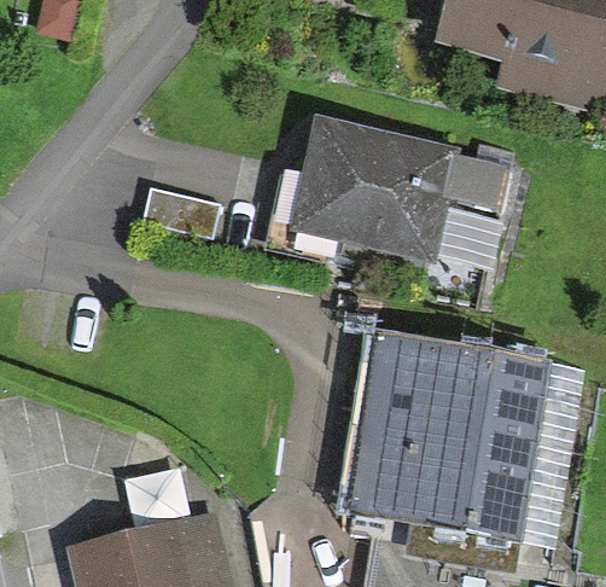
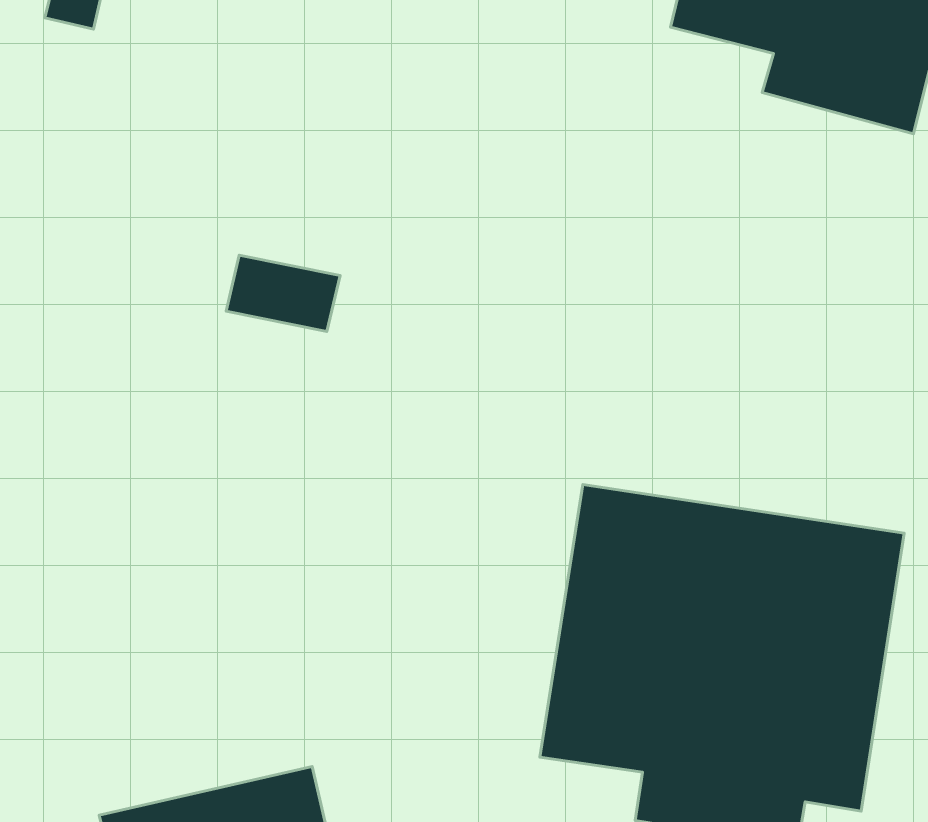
building: [296,120,511,258] -> none

